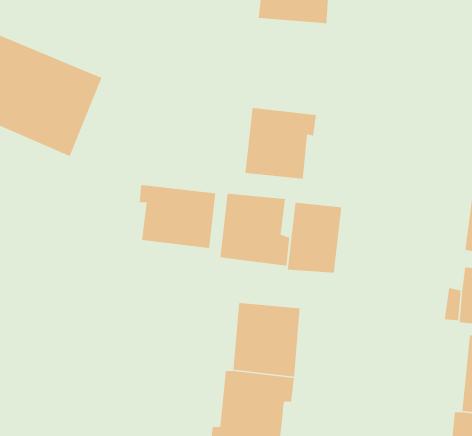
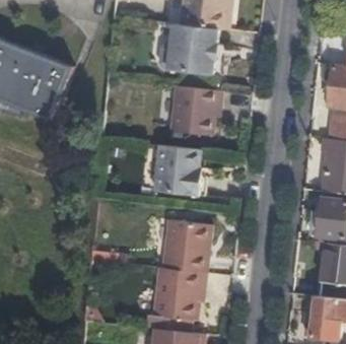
building: none -> [160,24,218,75]
building: [139,184,216,249] -> none
building: [287,202,342,274] -> none

